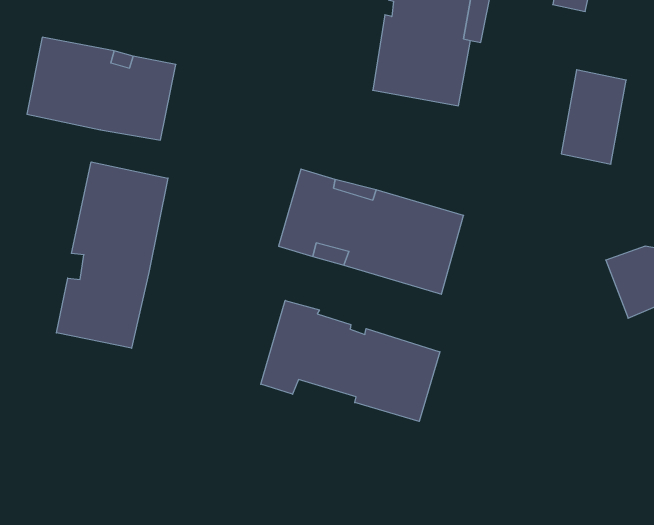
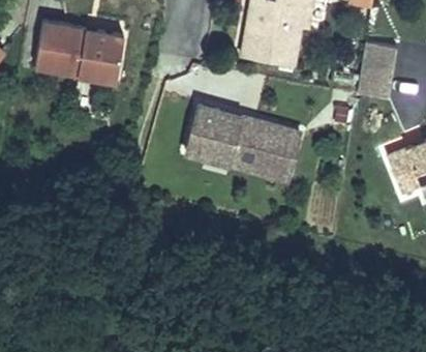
building: [56,162,168,348] -> none
building: [261,300,440,421] -> none

